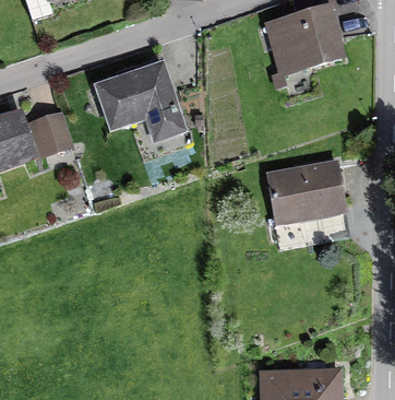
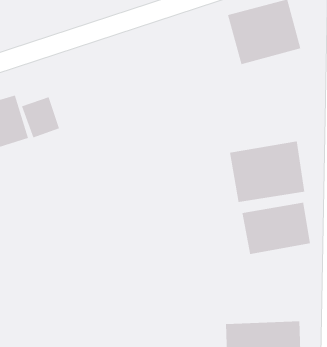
building: [94,60,185,140] -> none
building: none -> [242,202,310,255]

